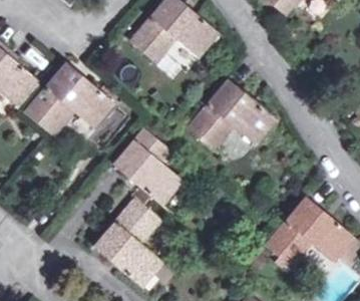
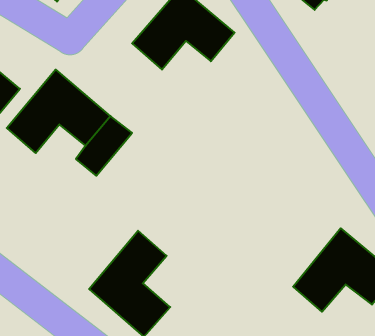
building: [187,80,275,149] -> none
building: [112,128,182,205] -> none

